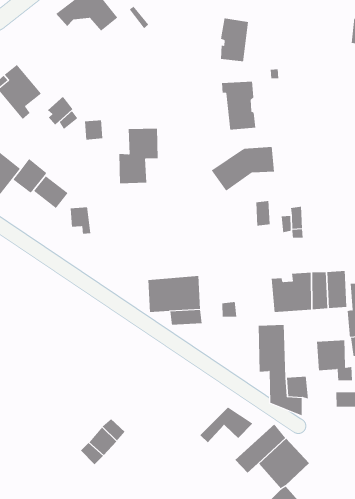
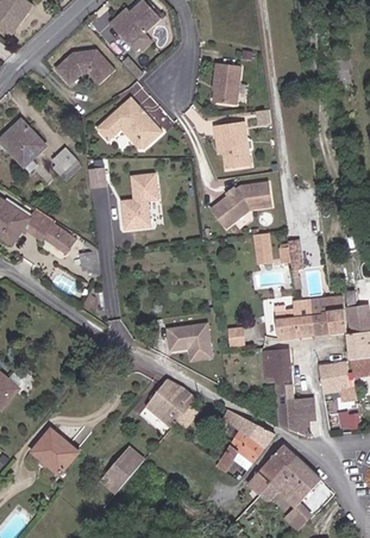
building: none -> [96,96,162,150]
building: none -> [144,379,196,427]
building: none -> [218,405,275,445]
building: none -> [32,427,77,471]

